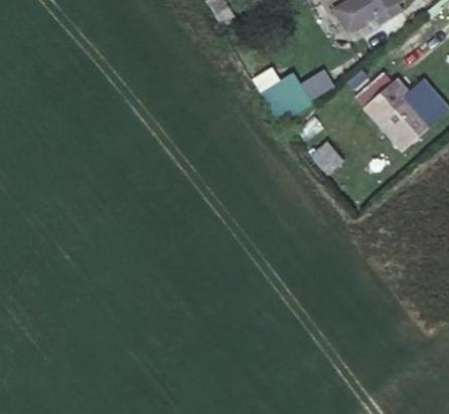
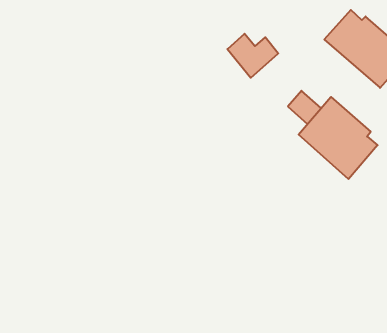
building: none -> [299,97,378,179]

